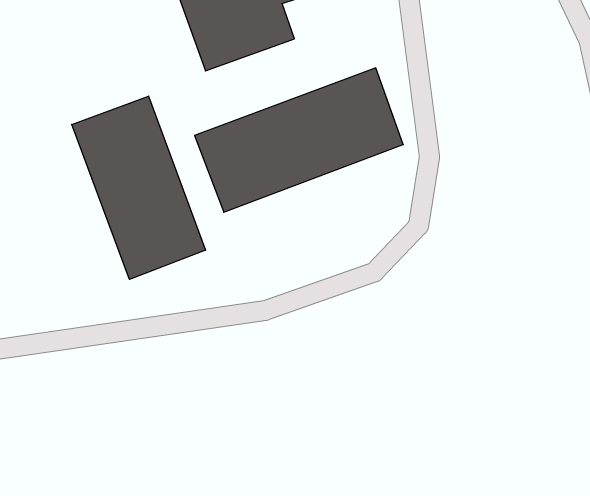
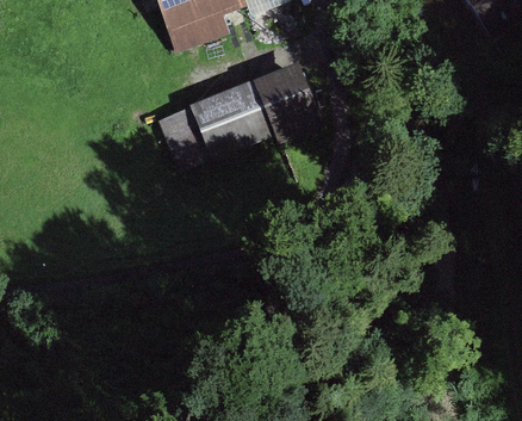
building: [72,96,206,279] -> none

